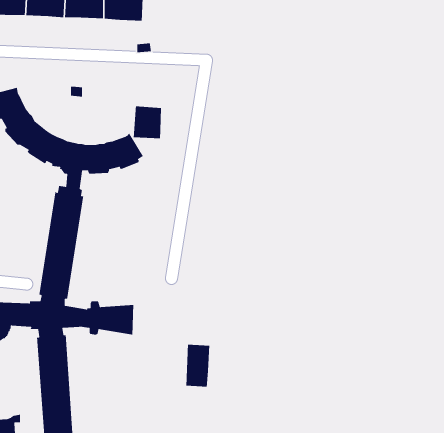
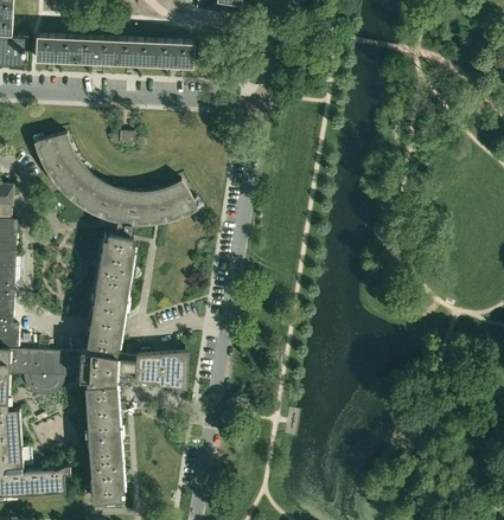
building: [133,105,162,139] -> none
building: [185,344,210,387] -> none

